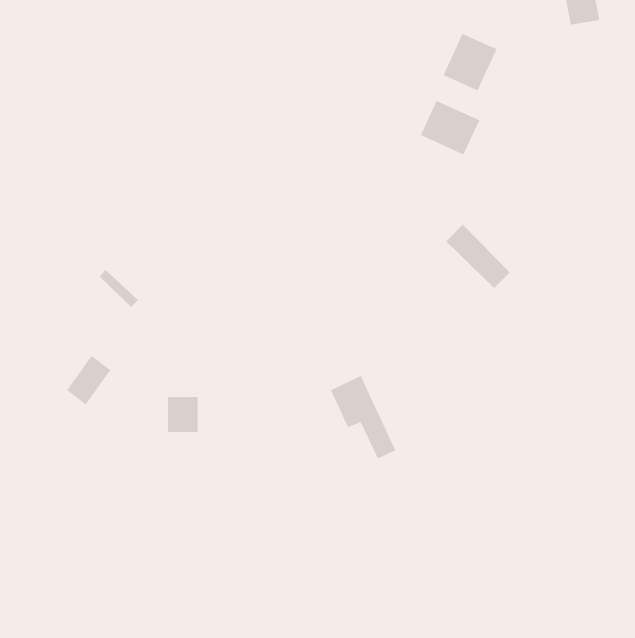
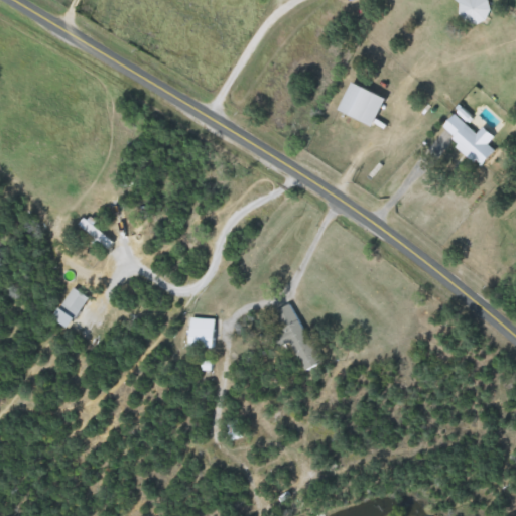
building: [443,33,497,91] -> none
building: [445,224,510,289] -> [440,113,493,165]
building: [167,396,199,433] -> [188,317,214,347]

